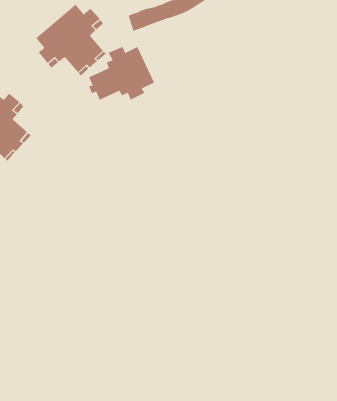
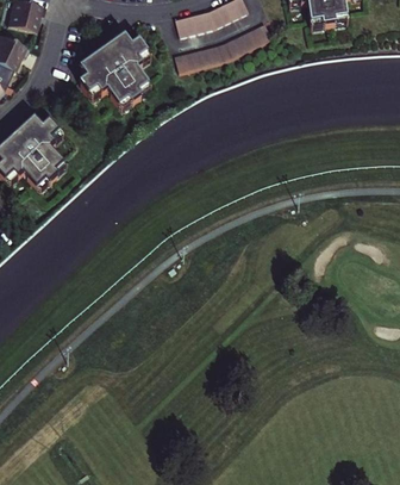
building: [88,46,155,101] -> none

